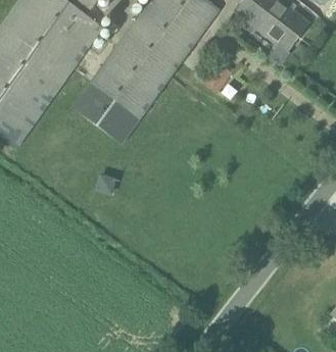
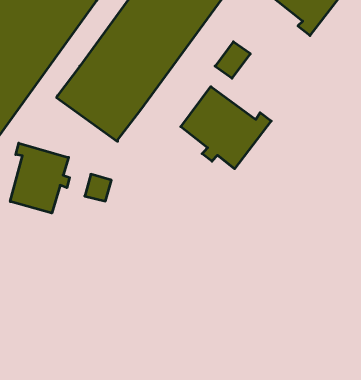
building: none -> [181,87,271,169]
building: none -> [10,143,70,213]

